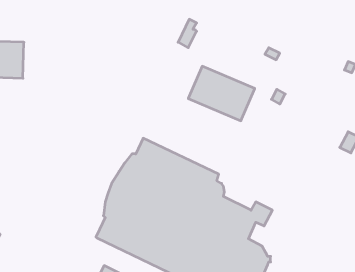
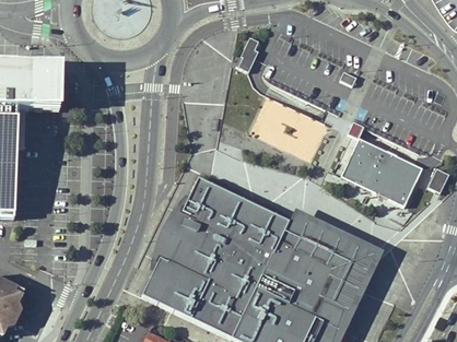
building: none -> [341,141,425,211]
building: none -> [283,209,380,318]

